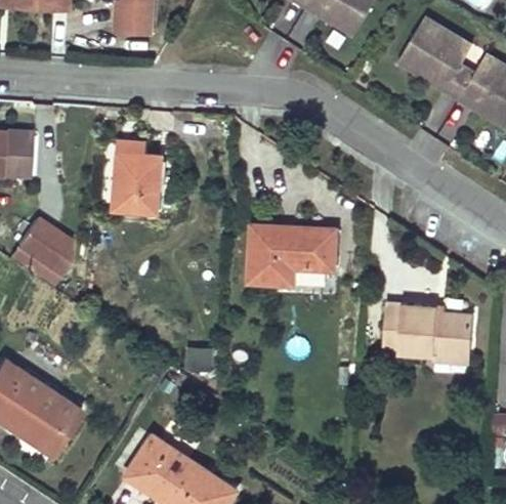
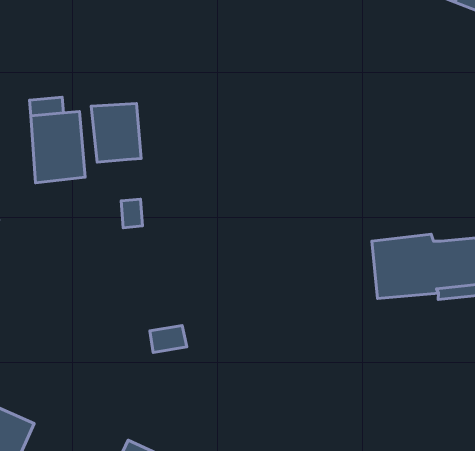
building: none -> [91,103,141,162]
building: [248,225,335,286] -> none

